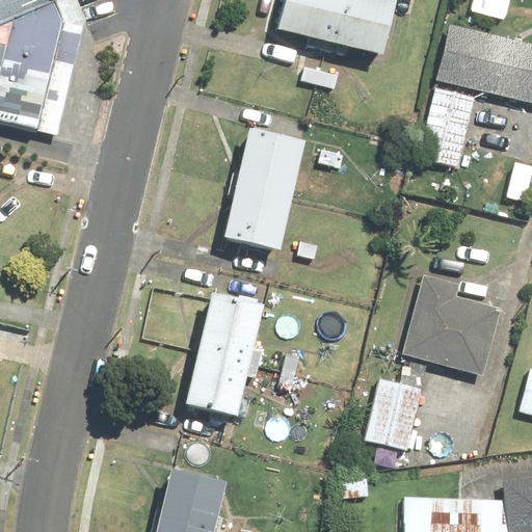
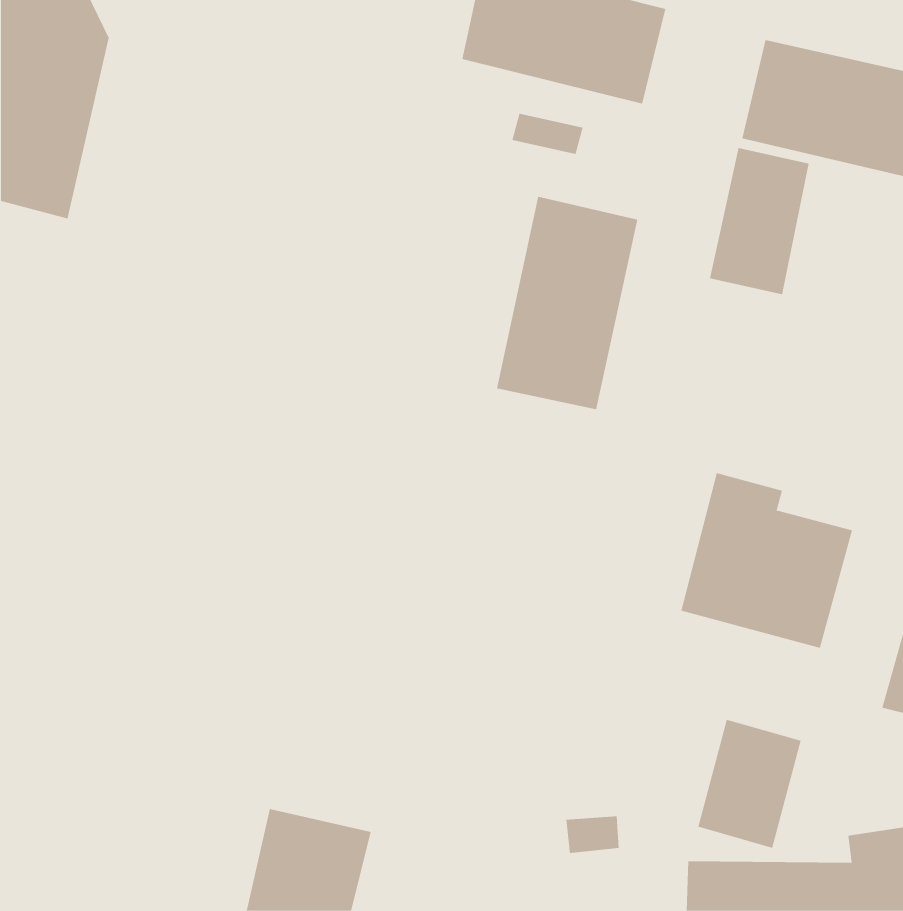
building: [221,132,303,256] -> [496,196,638,410]
building: [181,293,263,424] -> none
building: [366,376,426,451] -> [698,719,802,848]

